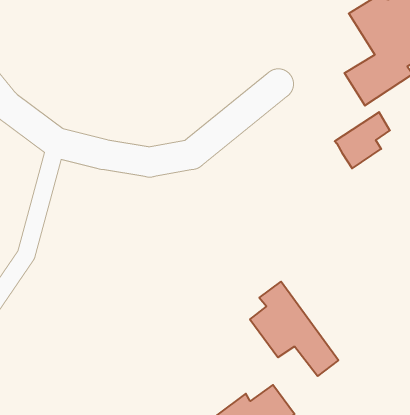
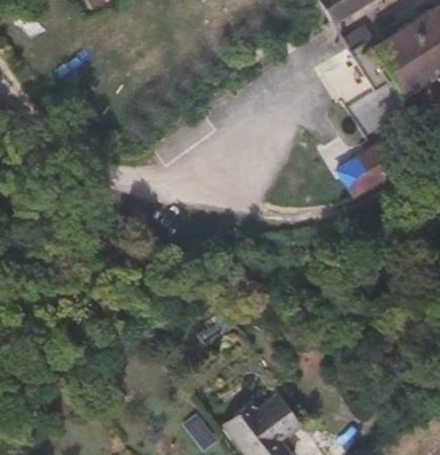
building: [250,282,338,376] -> none

